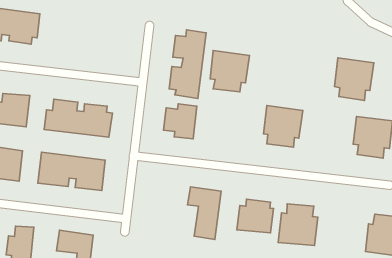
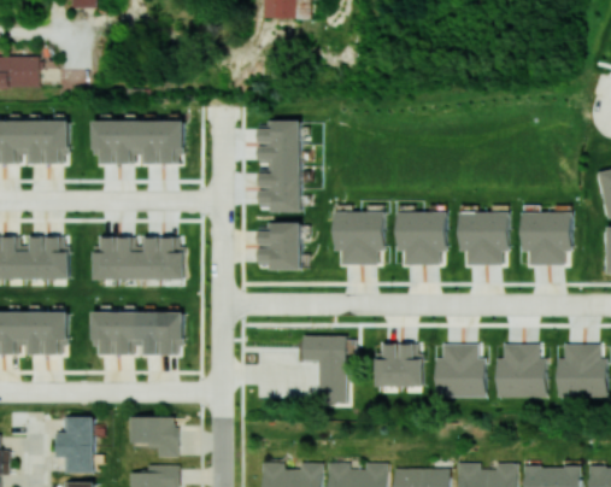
building: none -> [94,121,183,164]
building: [210,50,249,92] -> [334,211,384,264]
building: [335,58,374,100] -> [459,211,510,265]
building: none -> [494,342,546,397]

